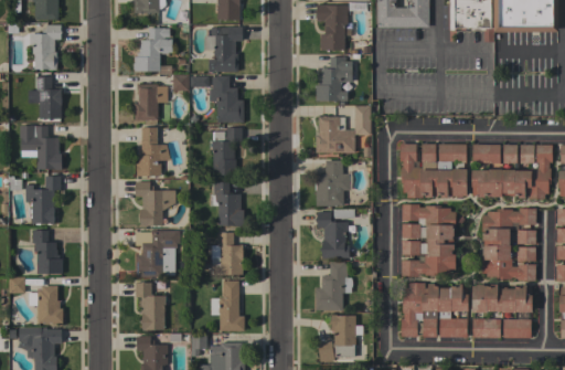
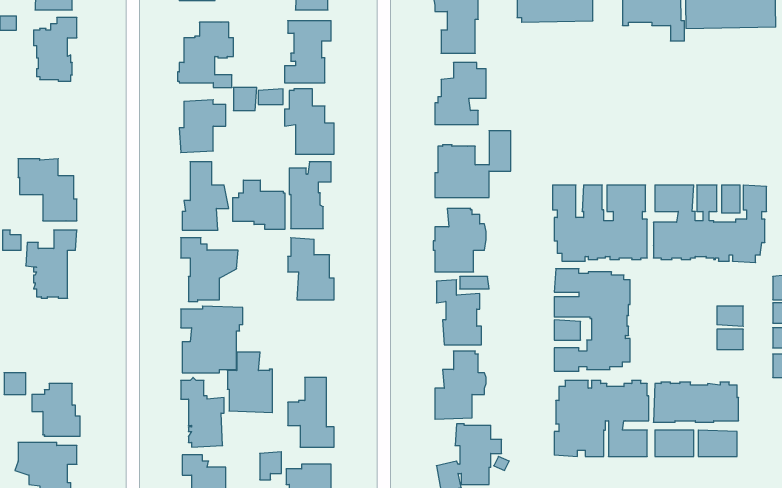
building: [36,75,62,118] -> none
building: none -> [233,180,285,229]
building: [482,208,536,281] -> none
building: [33,230,64,273] -> none
building: [212,232,244,275] -> [227,352,272,413]

